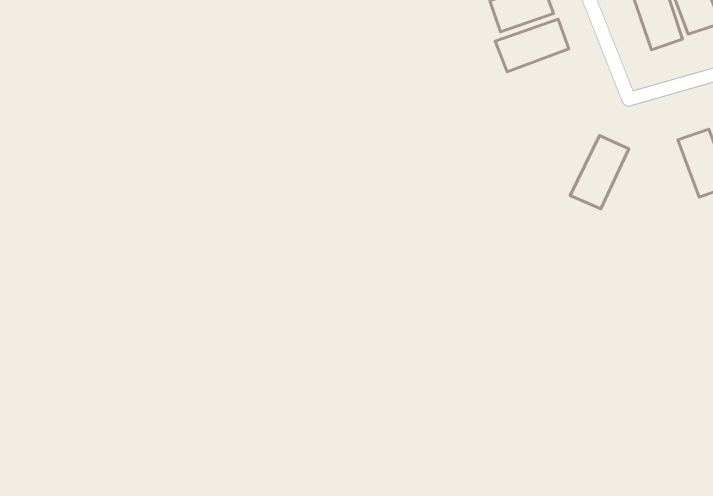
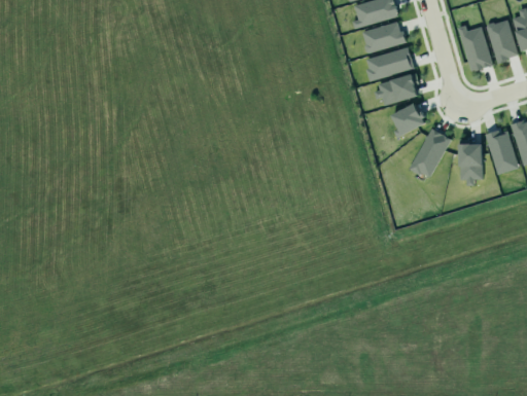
building: none -> [376,74,420,106]
building: none -> [392,104,426,135]
building: none -> [459,144,483,183]

